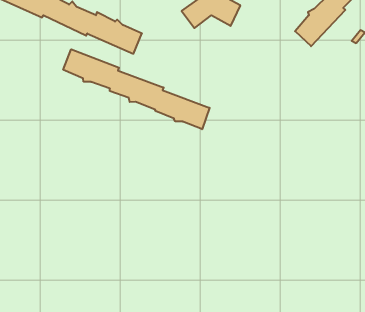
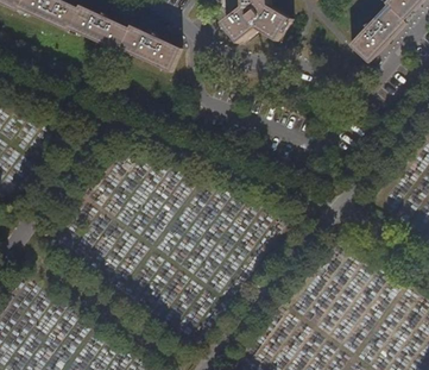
building: [63,49,210,129] -> none

